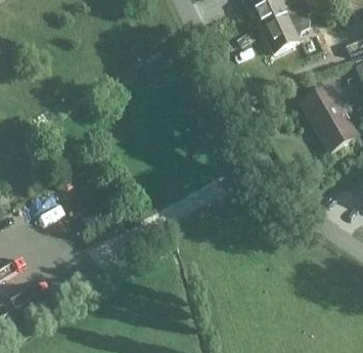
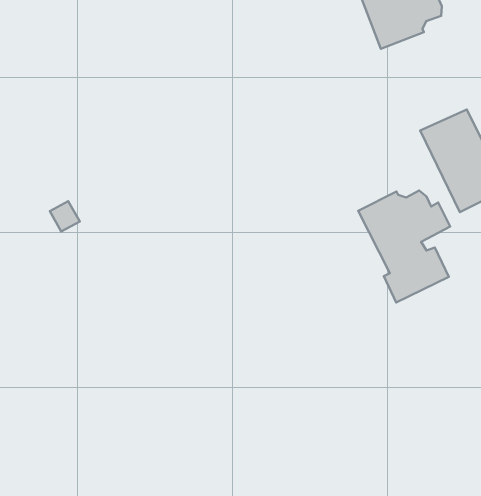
building: none -> [358,190,450,302]

